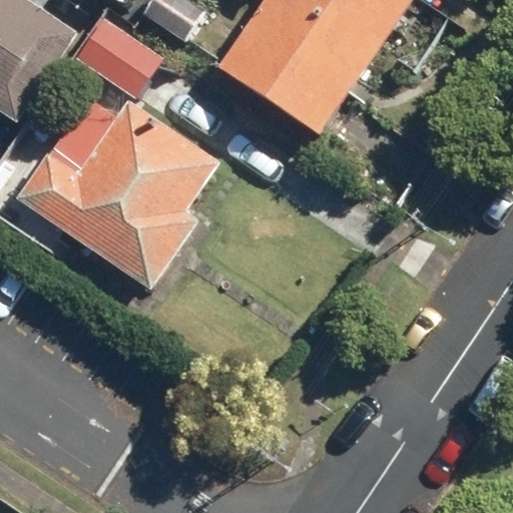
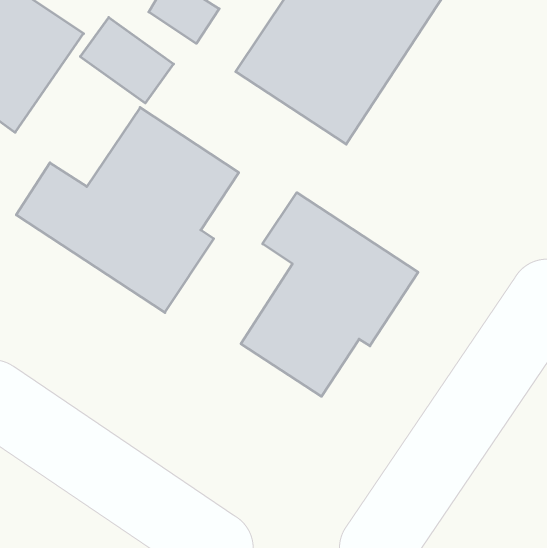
building: none -> [241,193,418,396]

